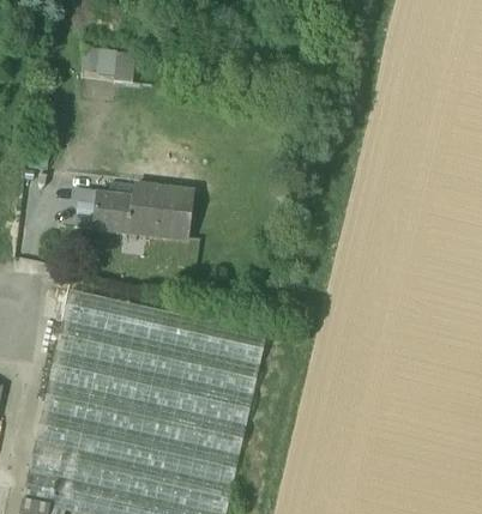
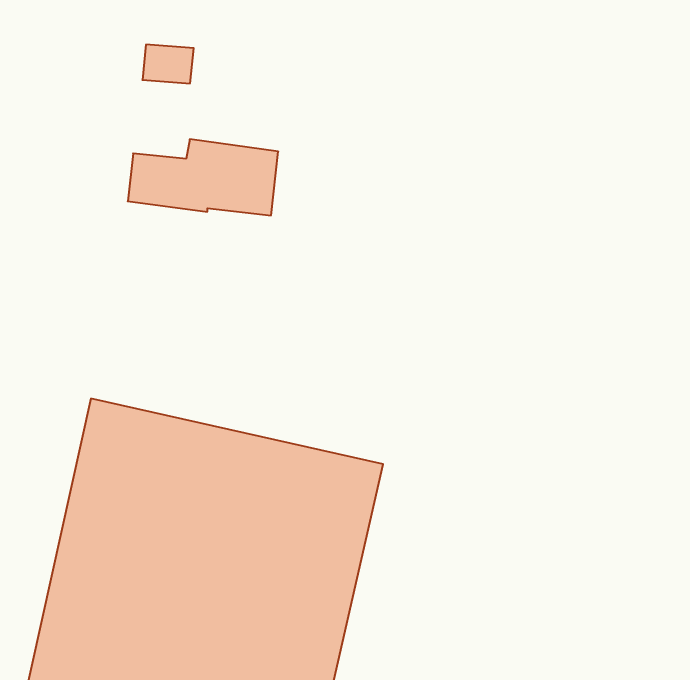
building: [91,185,193,236] -> [128,139,278,215]

